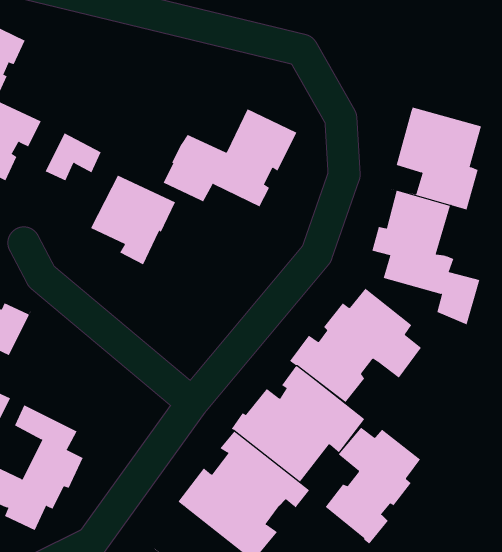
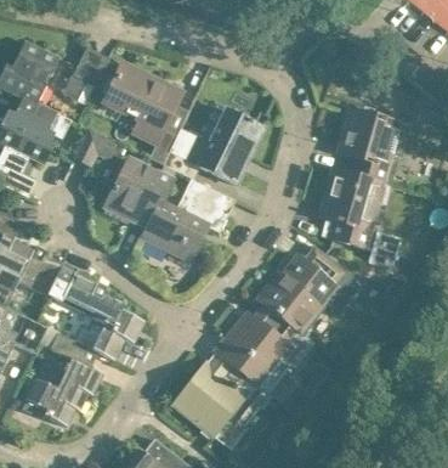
building: none -> [62,46,108,101]
building: none -> [101,64,180,165]
building: none -> [142,179,227,260]
building: none -> [46,261,143,360]
building: [325,427,421,545] -> none

